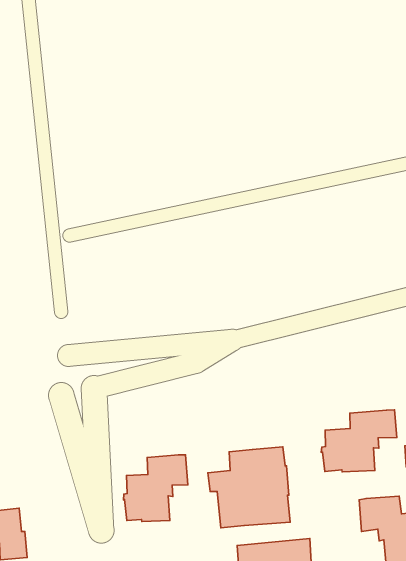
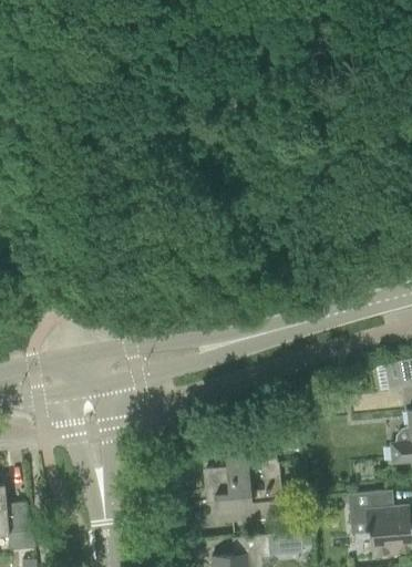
building: [321,410,397,472] -> none
building: [123,455,188,522] -> none

